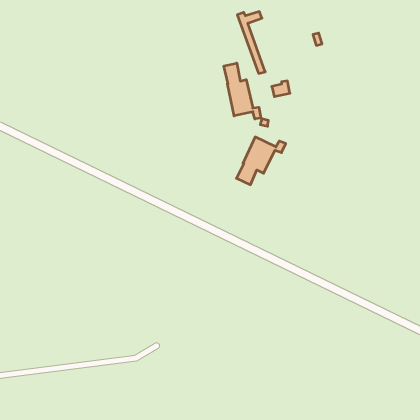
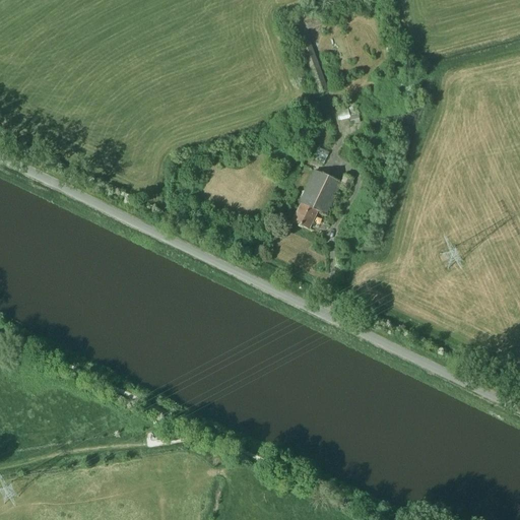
building: [224,63,261,119] -> none

